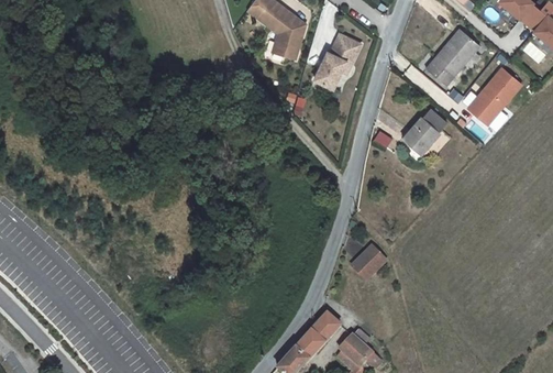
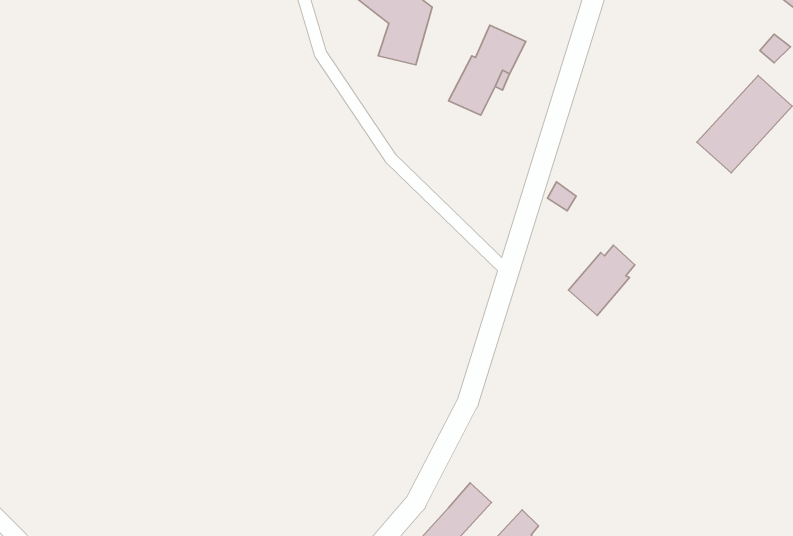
building: [427,29,479,86] -> none
building: [402,111,443,154] -> [568,245,635,315]
building: [352,246,387,281] -> none

